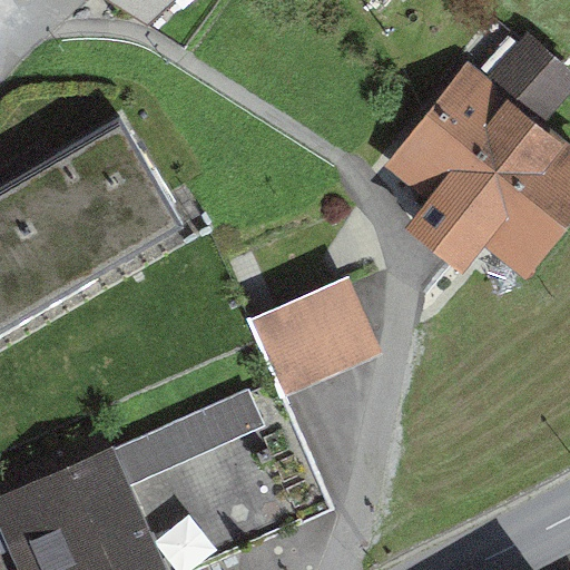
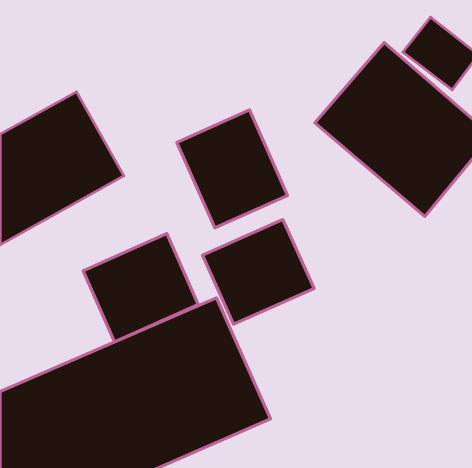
building: none -> [177,110,287,228]
building: none -> [83,233,198,342]

